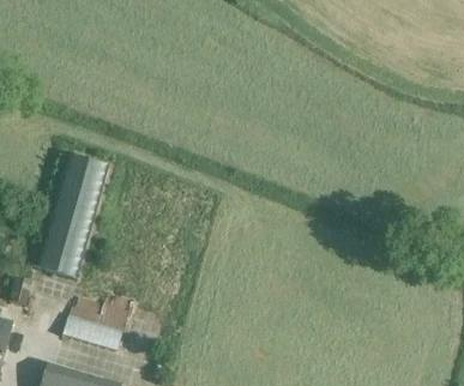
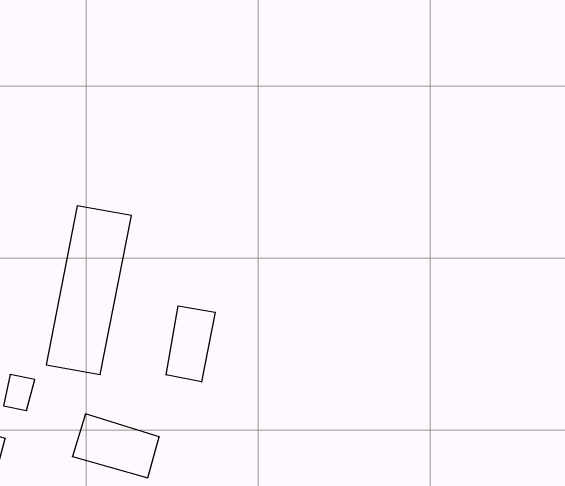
building: none -> [166,306,215,382]

